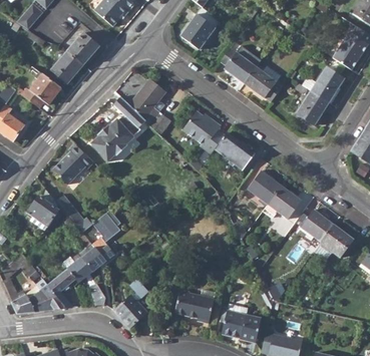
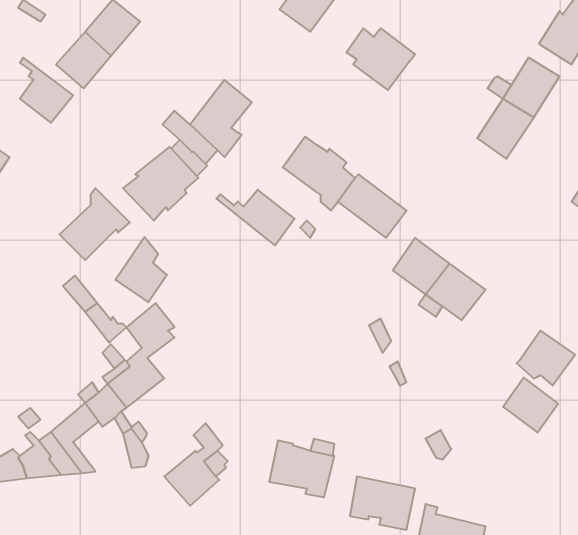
building: [245,69,283,103] -> none
building: none -> [216,190,295,245]
building: [28,188,58,226] -> [115,237,167,302]
building: [302,211,334,243] -> [503,378,558,433]

